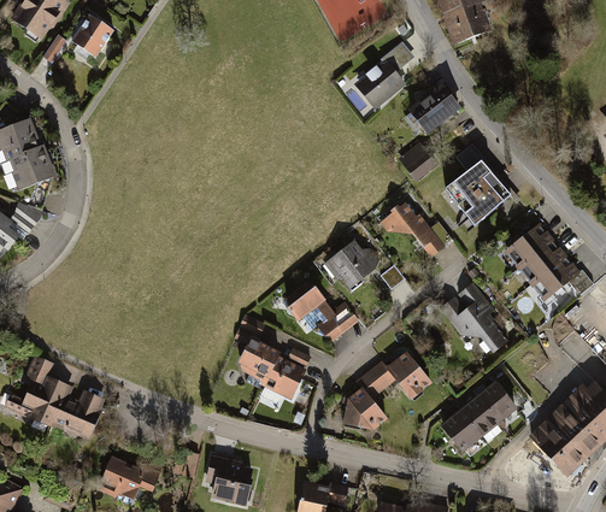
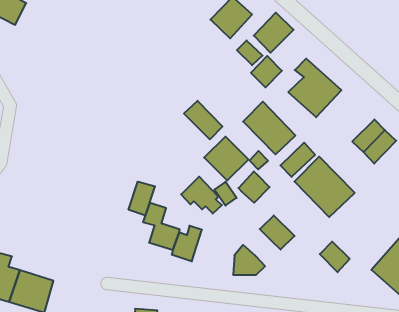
building: none -> [237,40,263,65]
building: none -> [184,101,222,139]
building: [506,224,552,265] -> none
building: none -> [280,143,315,177]
building: none -> [129,182,155,215]
building: [357,359,398,400] -> [238,171,270,203]
building: [477,377,517,418] -> none
building: [440,407,479,448] -> none

